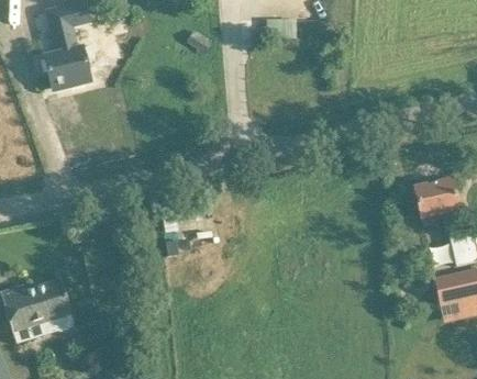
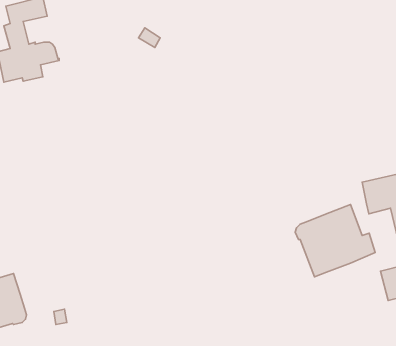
building: none -> [295,204,375,277]

